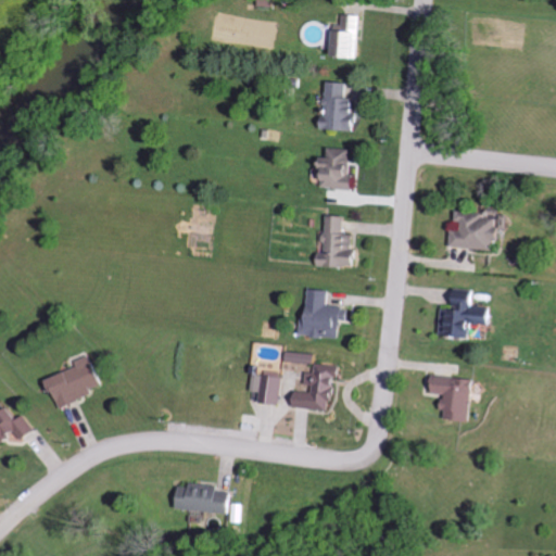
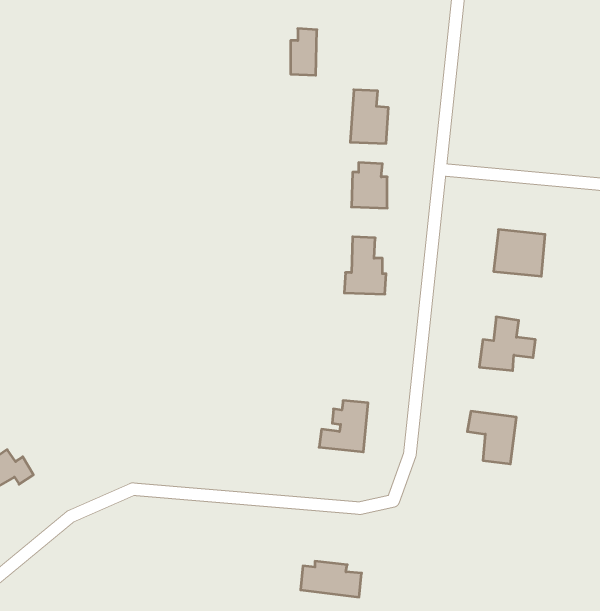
building: [330,14,354,56] -> [291,29,317,75]
building: [299,288,345,339] -> none
building: [42,354,100,408] -> none
building: [247,374,278,404] -> none
building: [173,482,228,515] -> [301,561,362,597]

